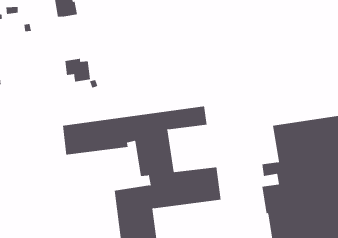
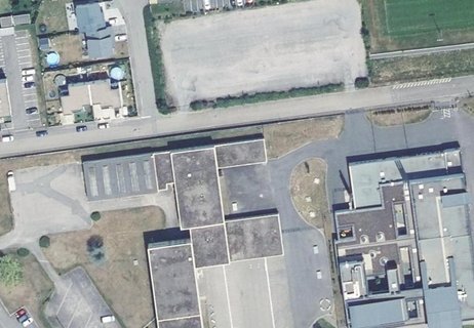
building: none -> [84,25,111,53]
building: none -> [58,83,89,115]

